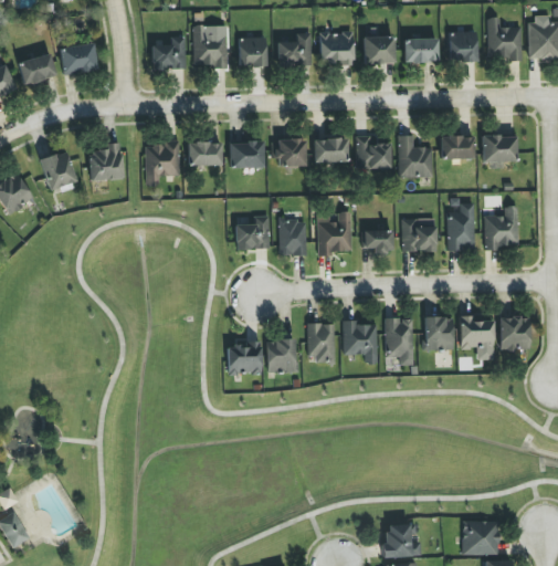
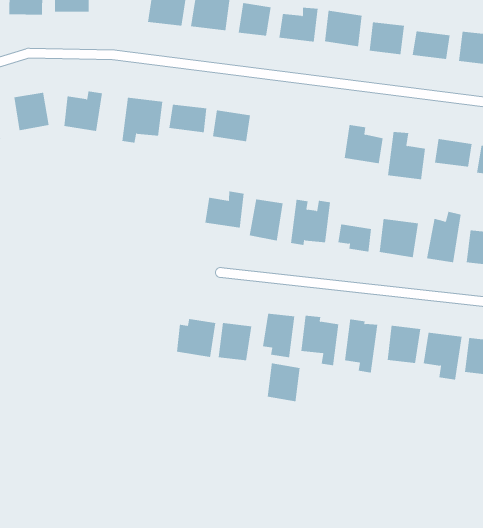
building: [275,138,306,167] -> none
building: [314,138,347,161] -> none
building: none -> [267,363,300,402]

